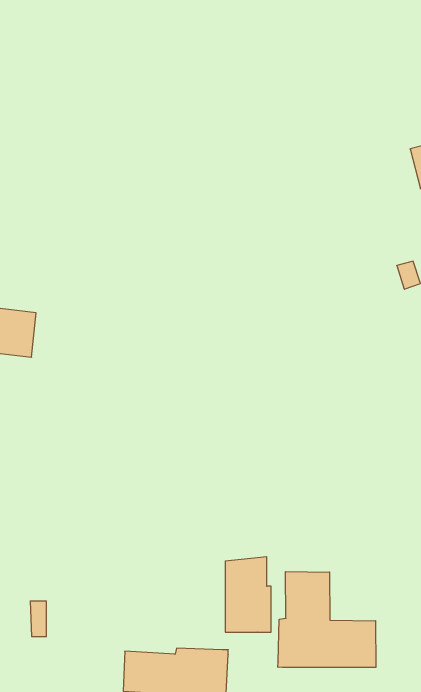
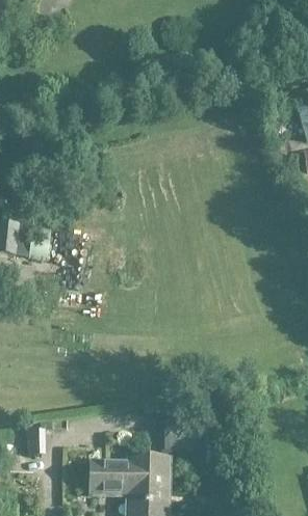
building: [278,572,376,667] -> none

